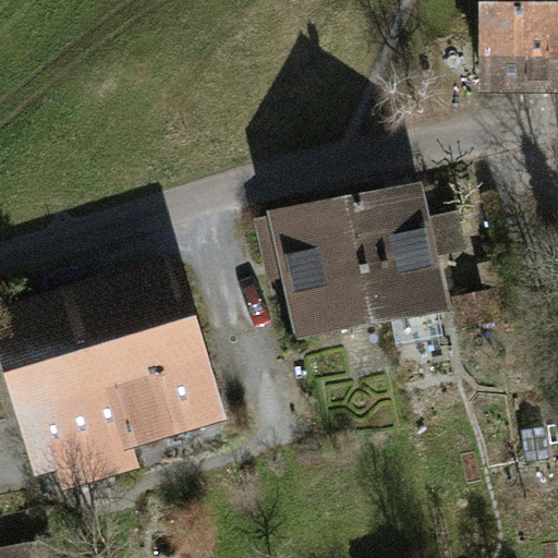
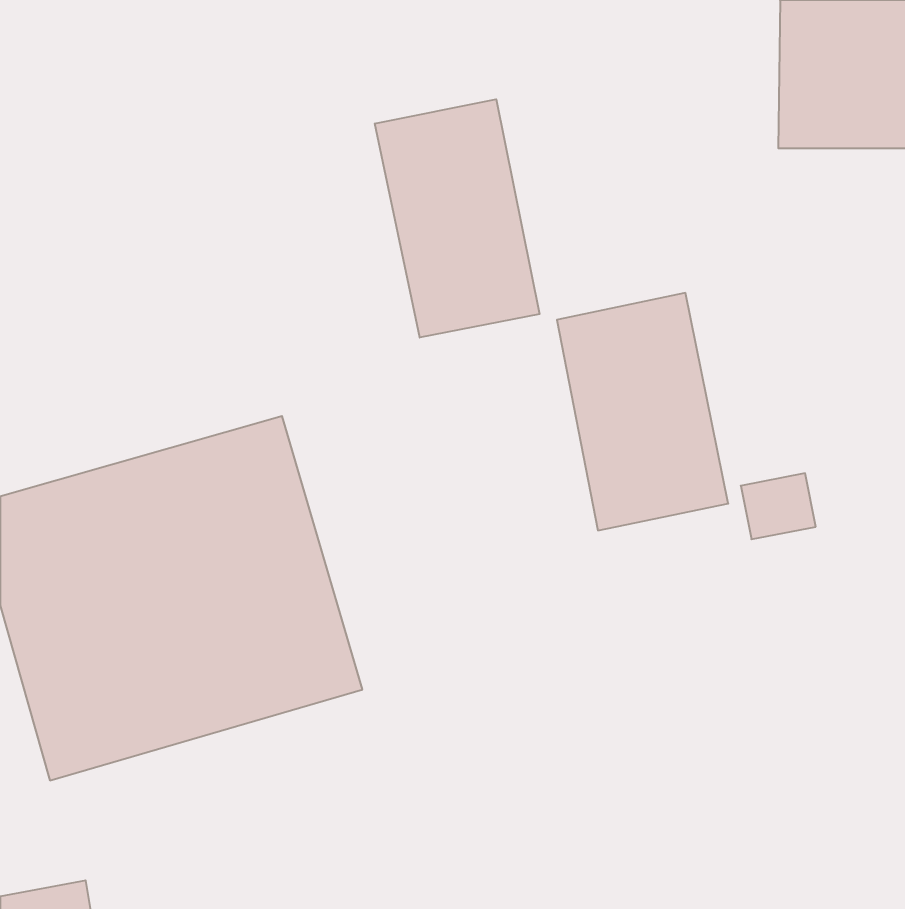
building: none -> [375,99,540,338]
building: [269,197,369,341] -> none

